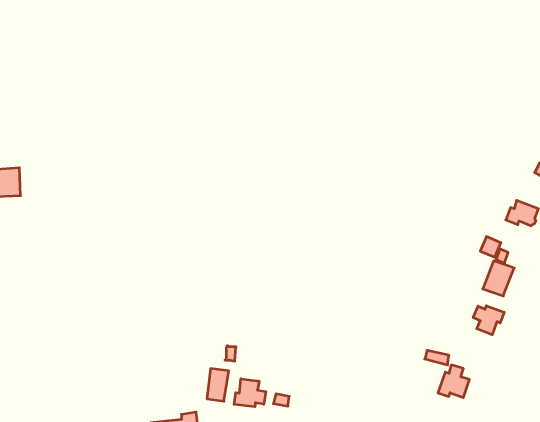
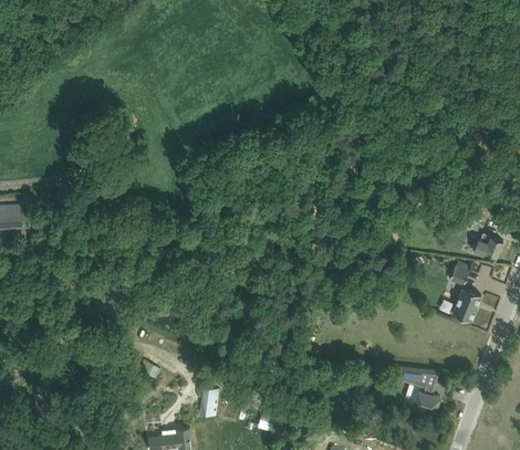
building: [473,306,504,335] -> none
building: [234,379,266,407] -> none

